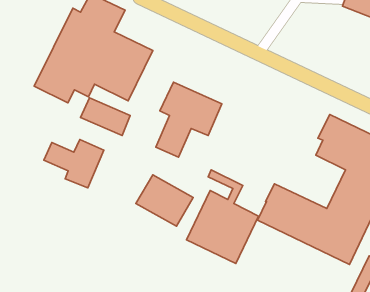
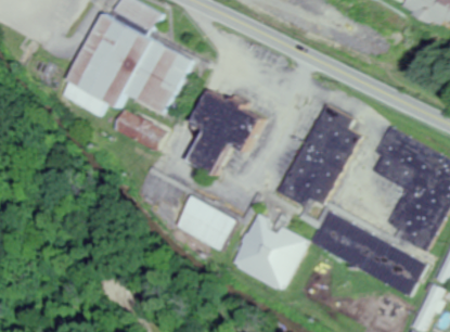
building: none -> [275,103,357,208]
building: [44,139,104,188] -> none

